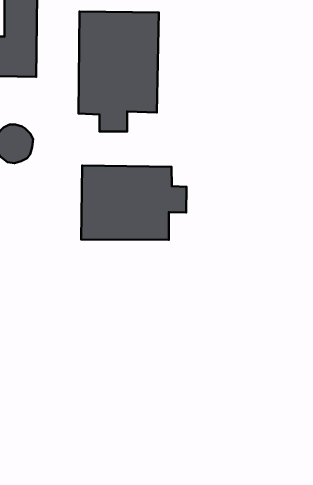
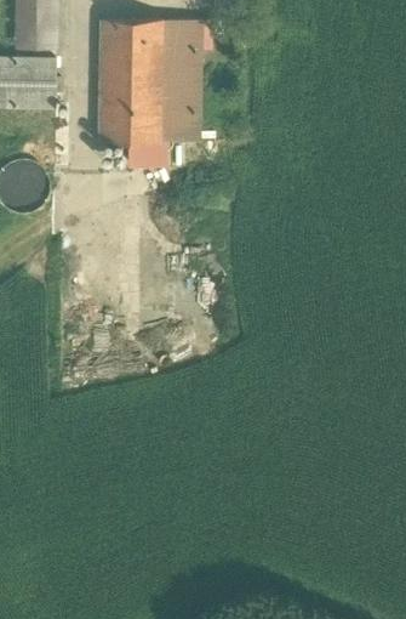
building: [81,165,187,240] -> none

